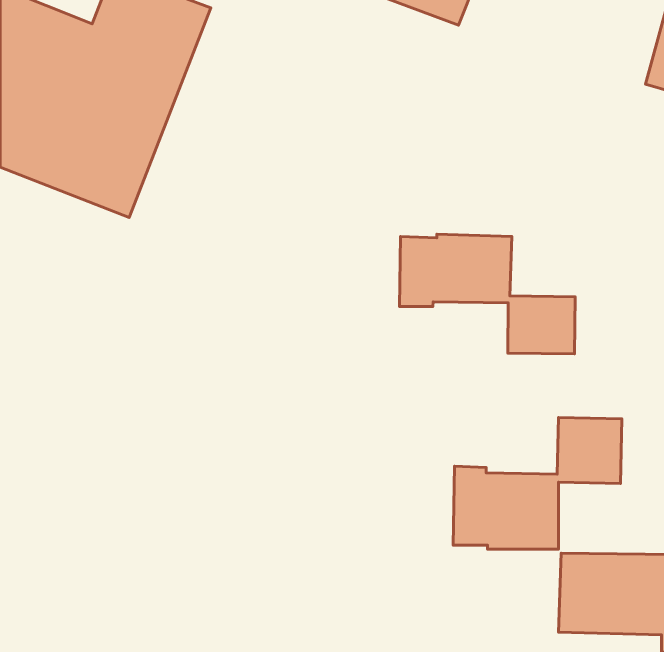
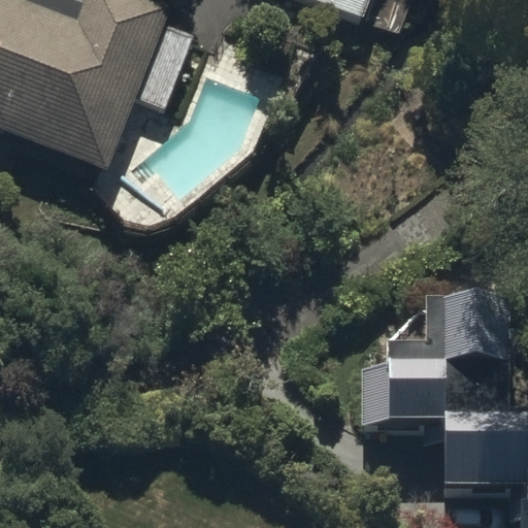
building: [399,234,575,354] -> none

